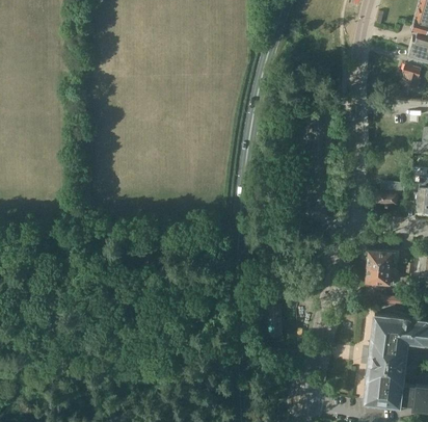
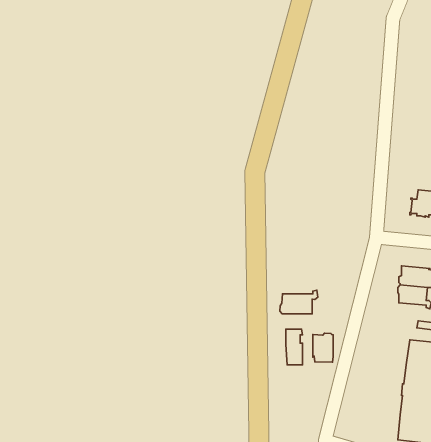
building: none -> [280,290,318,314]
building: none -> [313,333,333,362]

